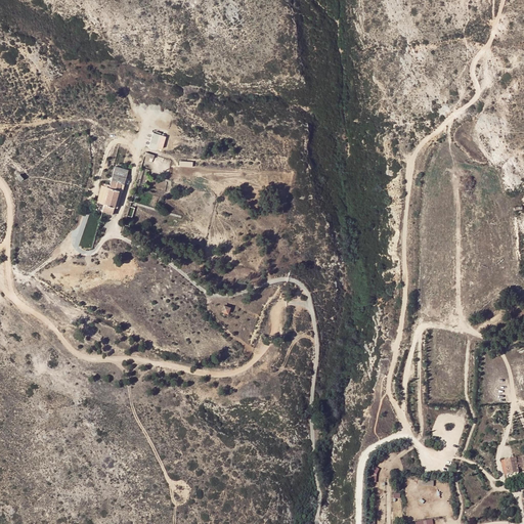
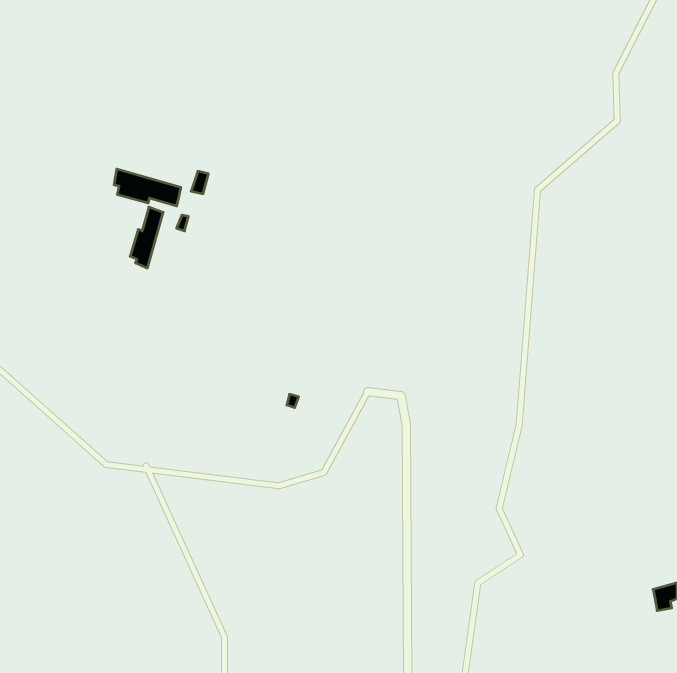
building: none -> [114,169,181,206]

